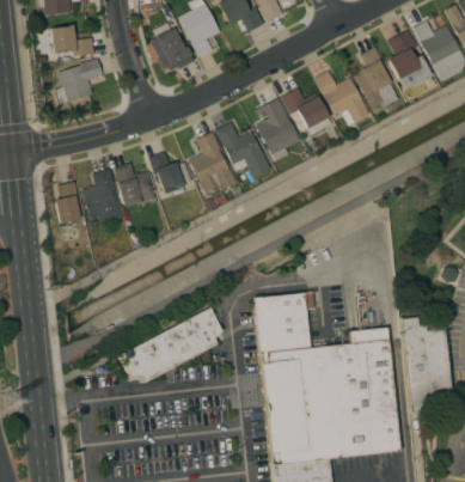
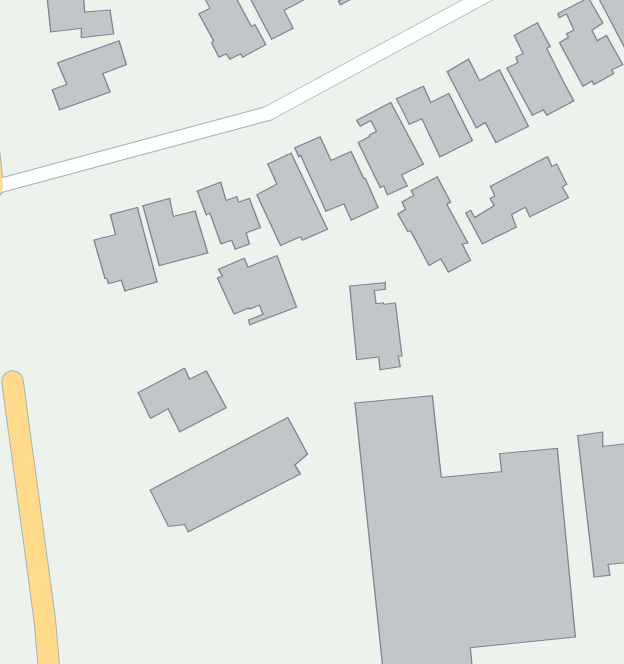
building: none -> [466,157,568,244]
building: none -> [398,177,470,272]
building: [55,181,80,222] -> none
building: none -> [218,256,296,325]
building: none -> [350,282,402,370]
building: none -> [138,368,226,432]

